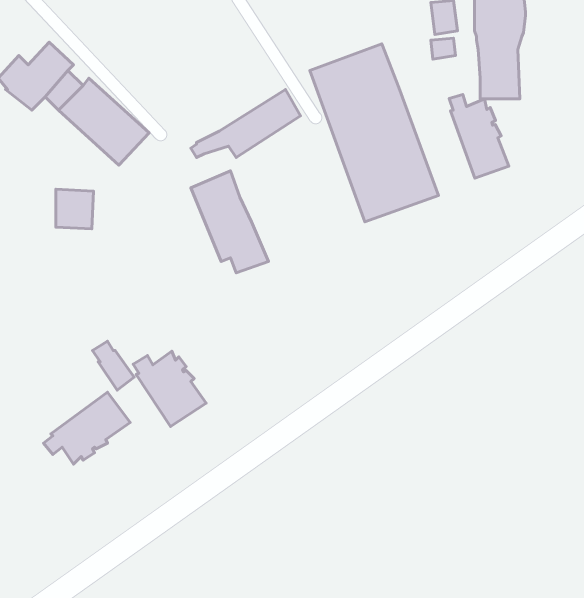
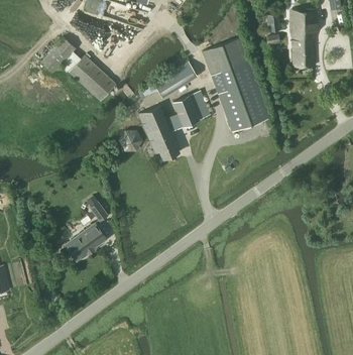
building: [449,95,509,178] -> none
building: none -> [165,90,212,132]
building: [56,189,94,229] -> [119,130,139,151]
building: [133,351,206,426] -> none

